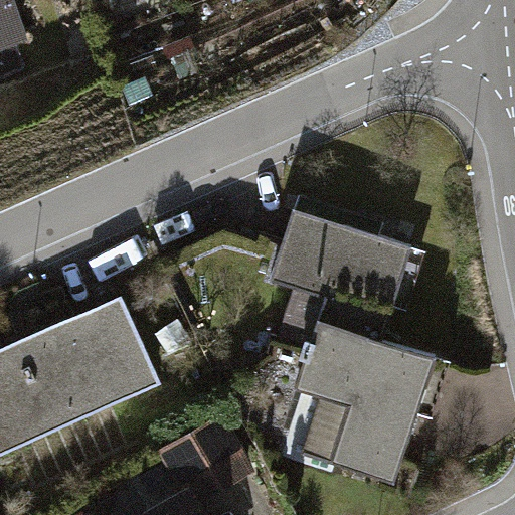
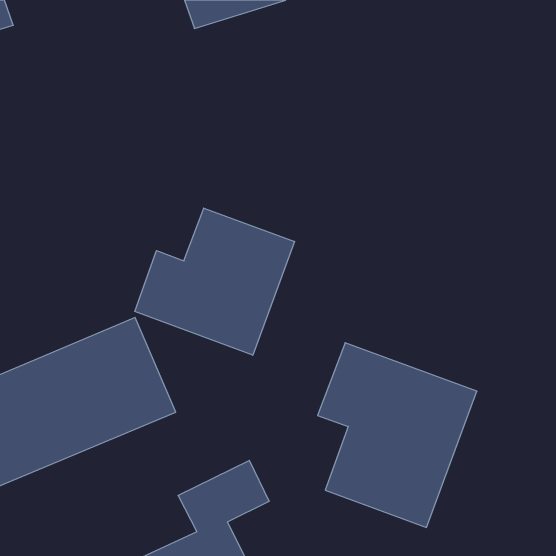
building: none -> [135,208,295,355]
building: [267,209,409,328] -> none

